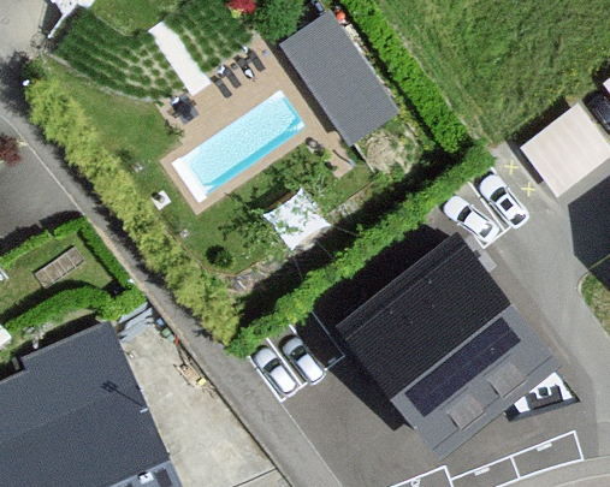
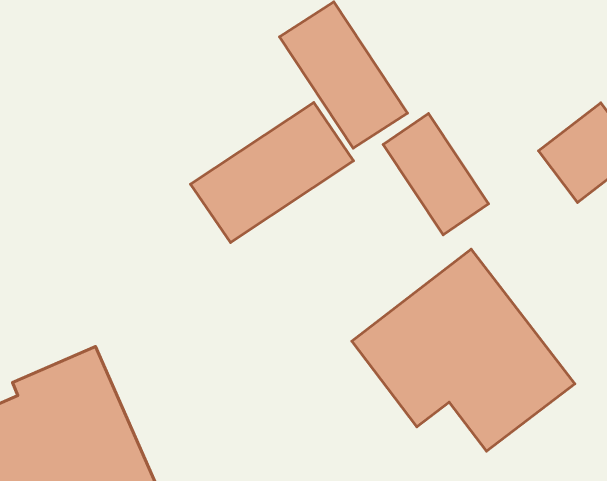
building: none -> [191,103,354,242]
building: none -> [383,113,489,235]

